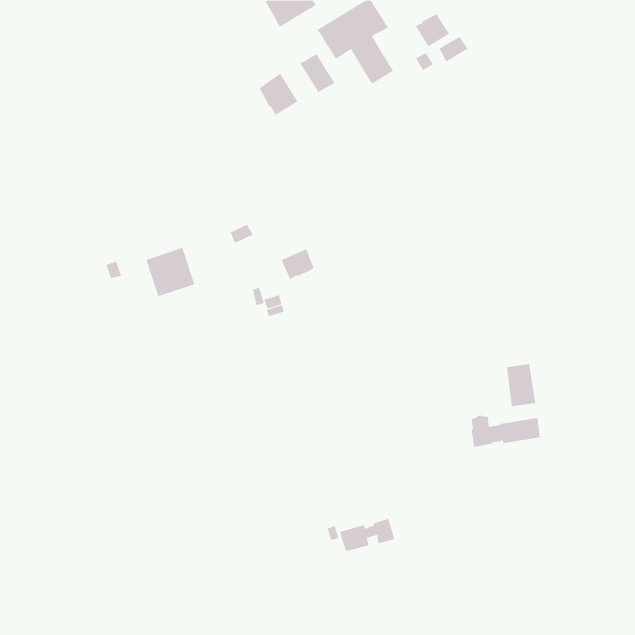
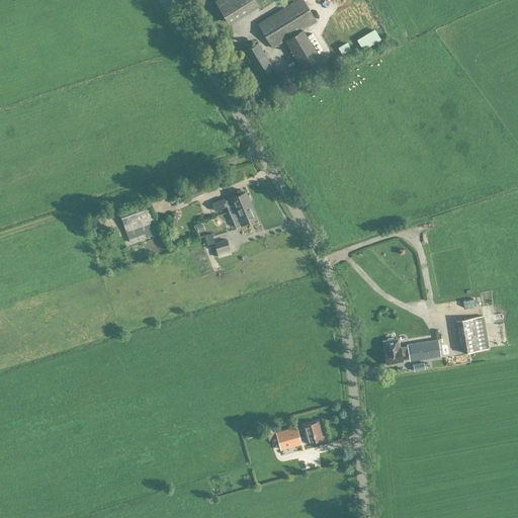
building: [415,14,450,47] -> none
building: [259,73,298,116] -> none
building: none -> [212,189,250,211]
building: [506,363,536,407] -> [457,318,482,353]

